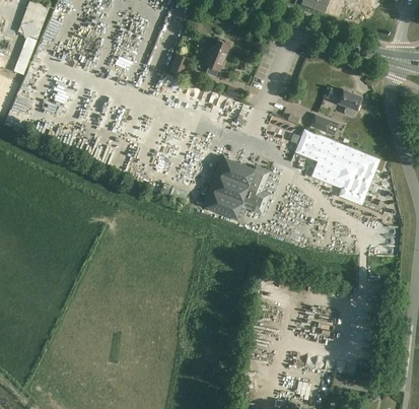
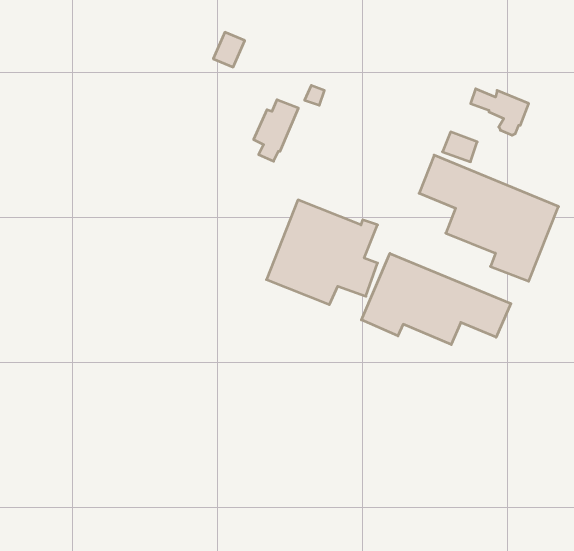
building: [202,39,229,76] -> [254,100,298,161]
building: none -> [361,253,511,345]

